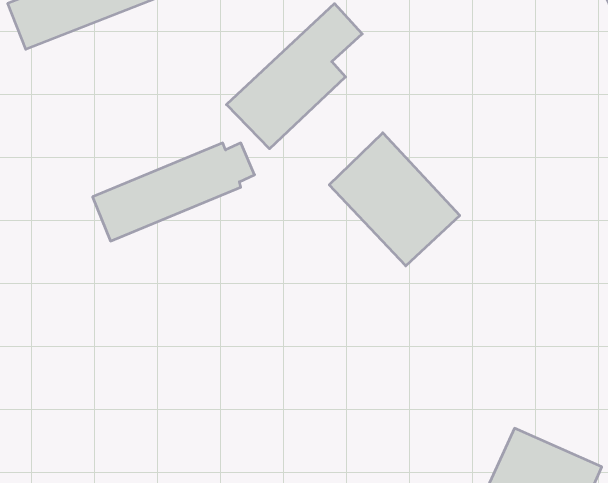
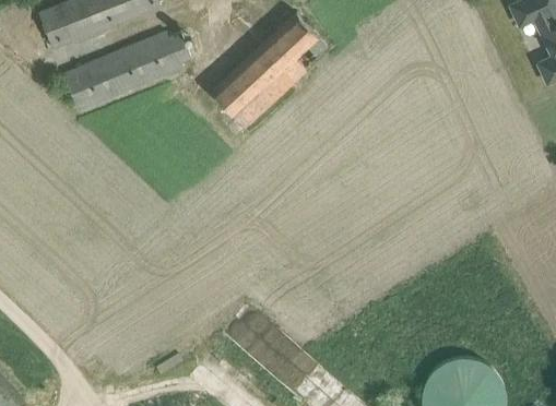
building: [329,133,460,266] -> none
building: [93,143,255,241] -> [64,31,192,108]

